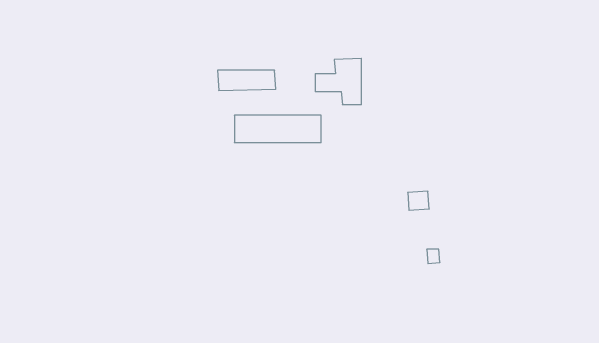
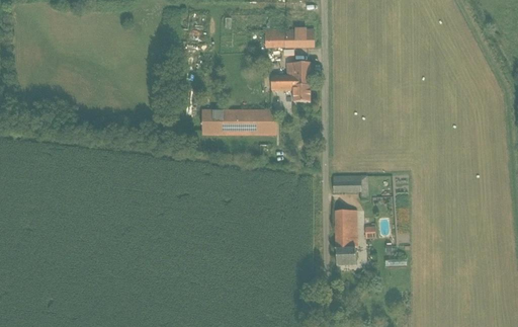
building: [218,70,276,90] -> [264,29,314,47]
building: none -> [335,210,357,265]

